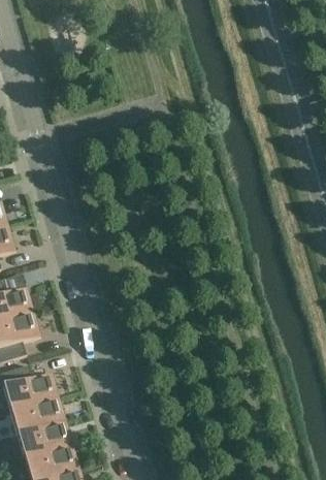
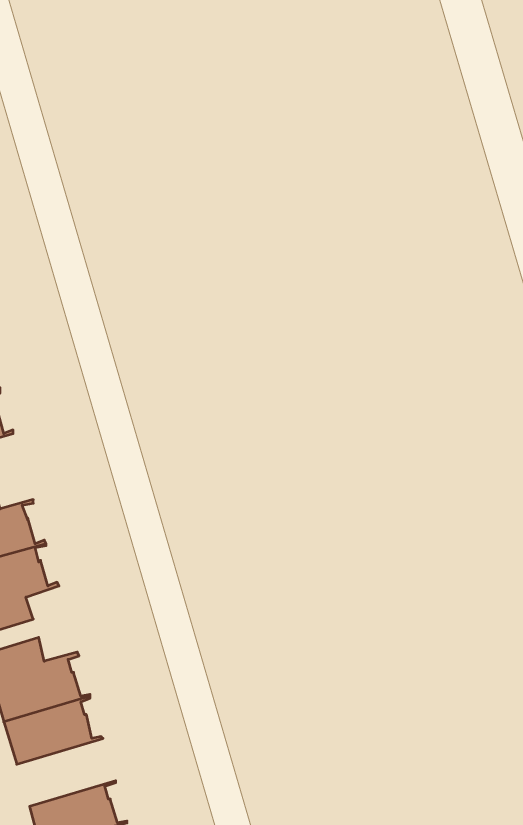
building: [18,421,73,459] -> none

